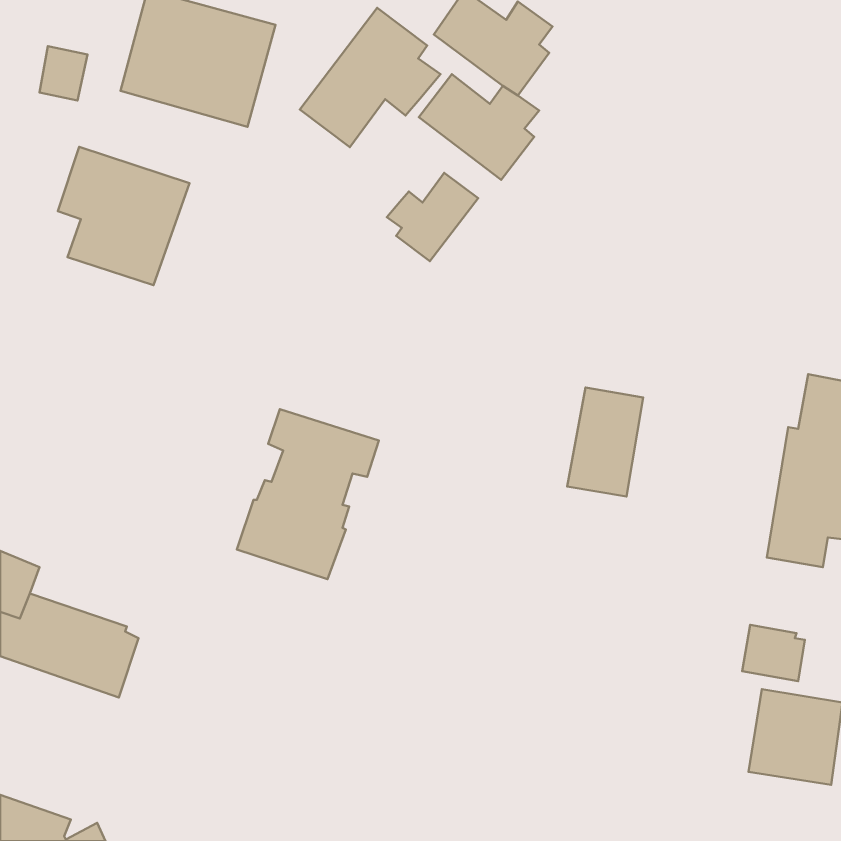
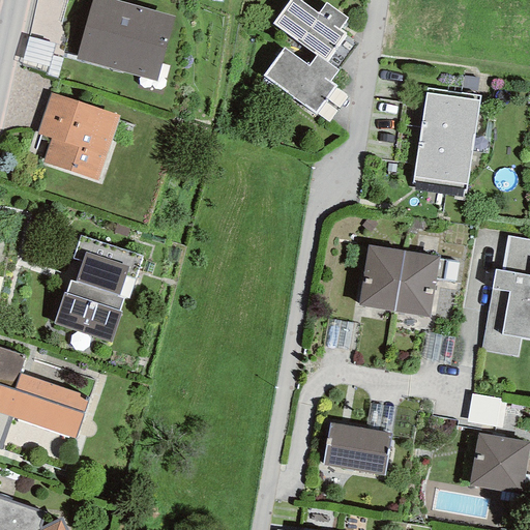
building: [300,8,440,147] -> none
building: none -> [413,88,480,189]
building: [387,173,478,261] -> none
building: none -> [394,249,440,317]
building: [237,409,379,579] -> [54,235,143,342]
building: none -> [323,422,392,474]

